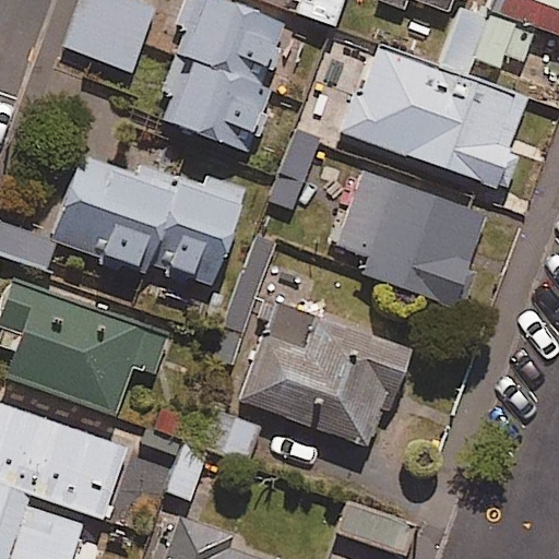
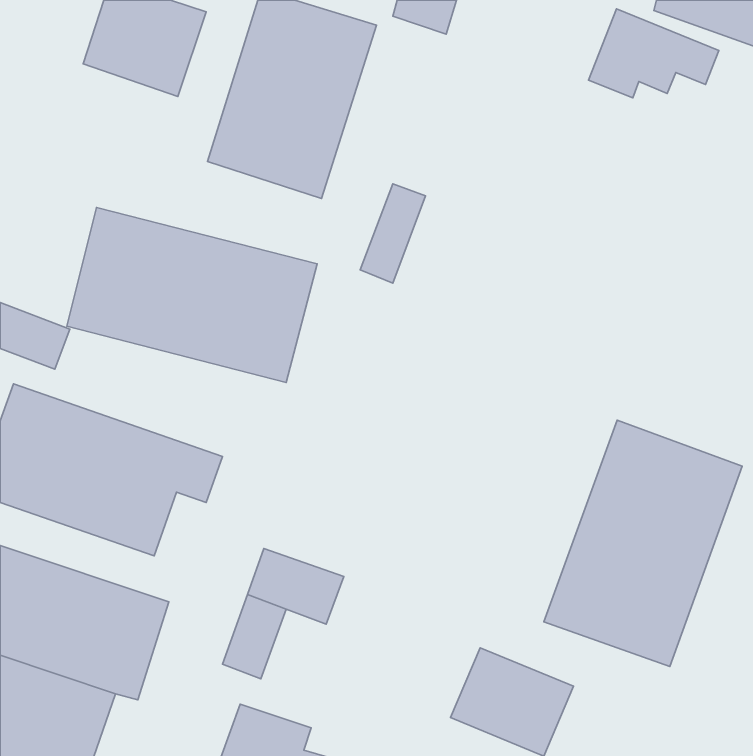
building: [348,52,524,189] -> none
building: [336,171,485,308] -> none
building: [238,301,409,448] -> none
building: none -> [544,420,742,667]

